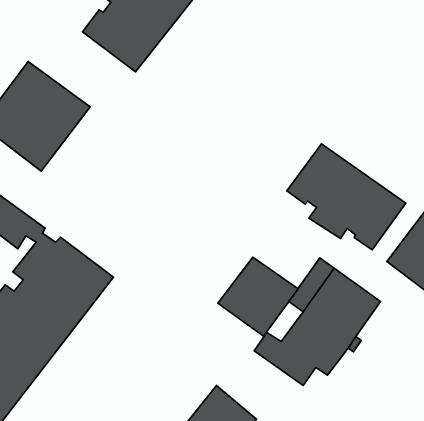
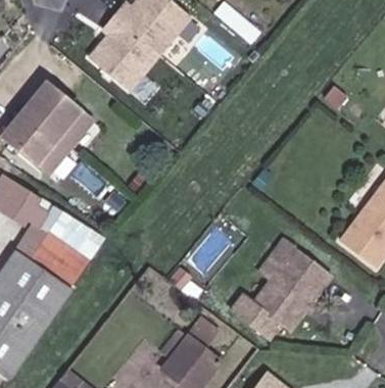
building: [287,144,406,250] -> none
building: [218,257,298,336] -> none

